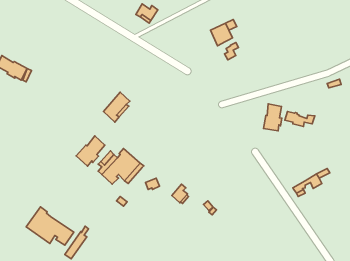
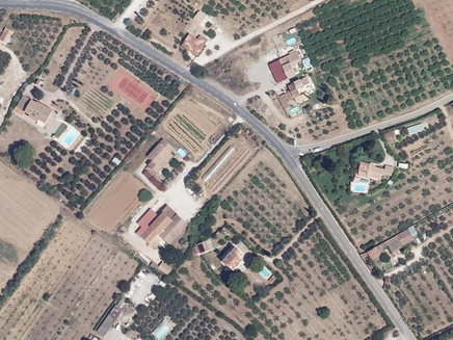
building: [263,104,282,131] -> none
building: [76,136,105,166] -> none
building: [26,207,74,245] -> none

